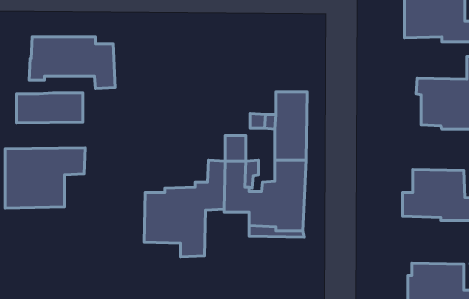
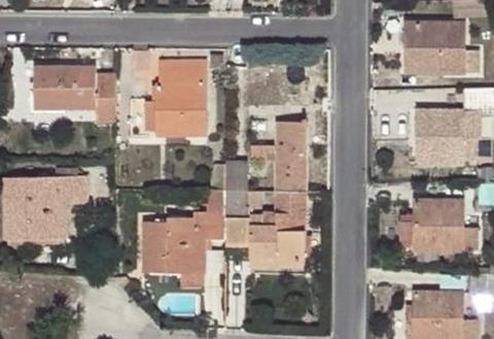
building: none -> [144,62,206,136]
building: [16,93,83,123] -> none

